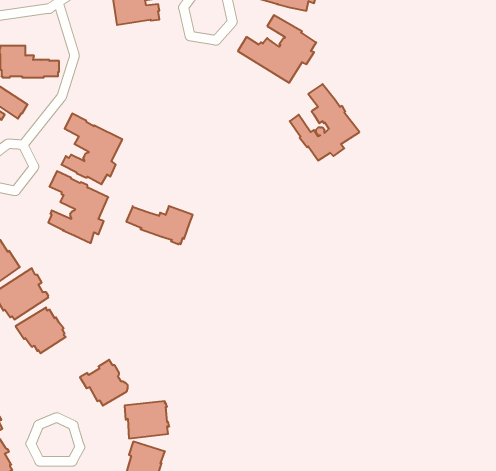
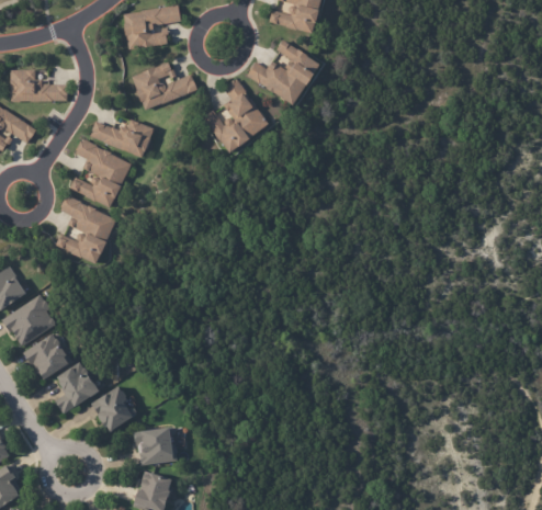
building: none -> [128,61,196,110]
building: [290,84,359,160] -> [204,77,274,154]
building: [126,206,193,244] -> [88,120,155,158]
building: none -> [53,361,103,412]

